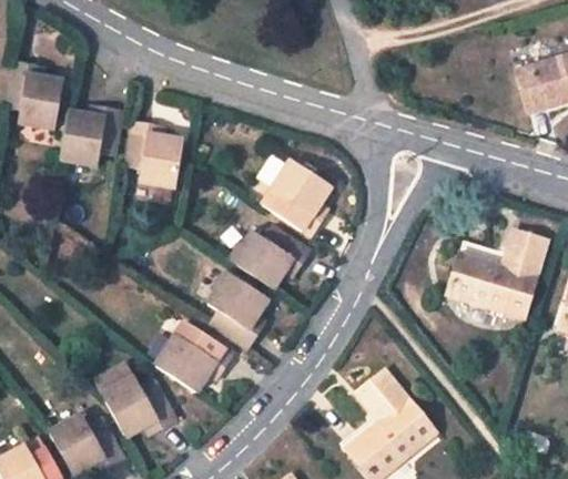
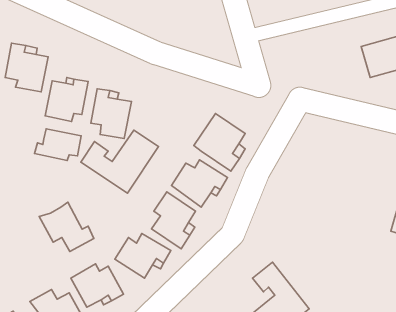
building: none -> [35,129,81,161]
building: none -> [81,130,159,193]
building: [436,228,534,317] -> none
building: none -> [39,202,94,252]

